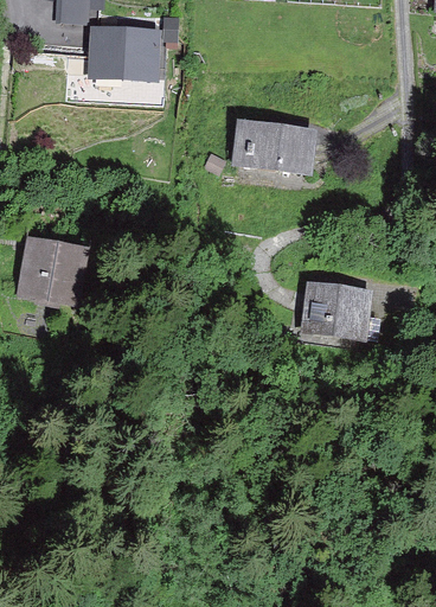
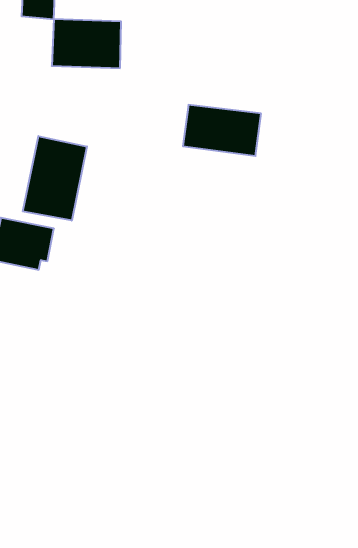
building: none -> [23,136,87,221]
building: [300,281,373,346] -> none

